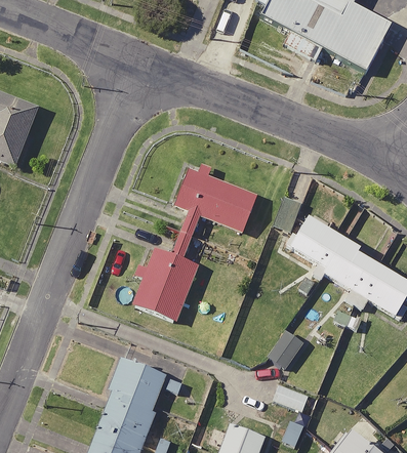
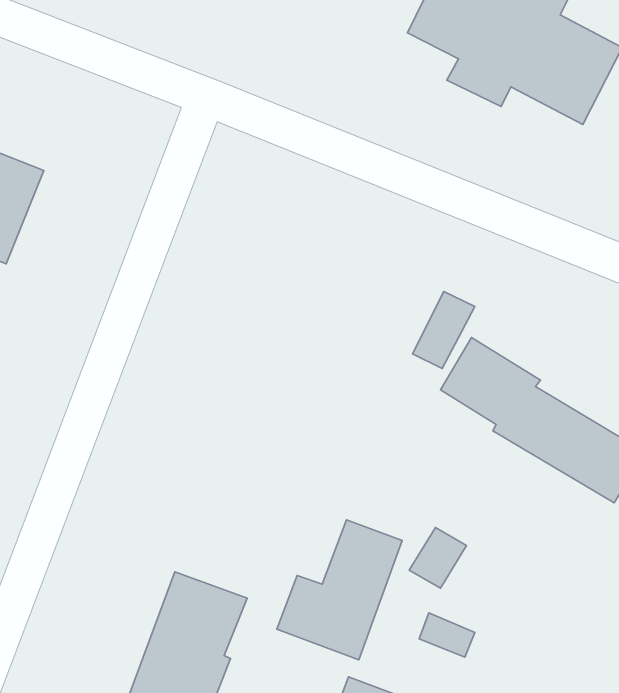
building: [129,168,256,320] -> none
building: none -> [277,520,402,660]

